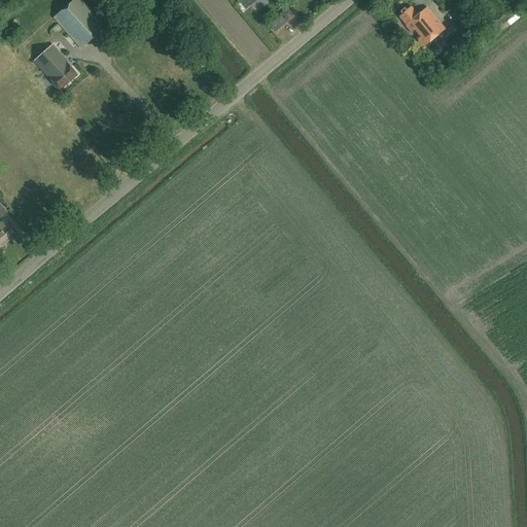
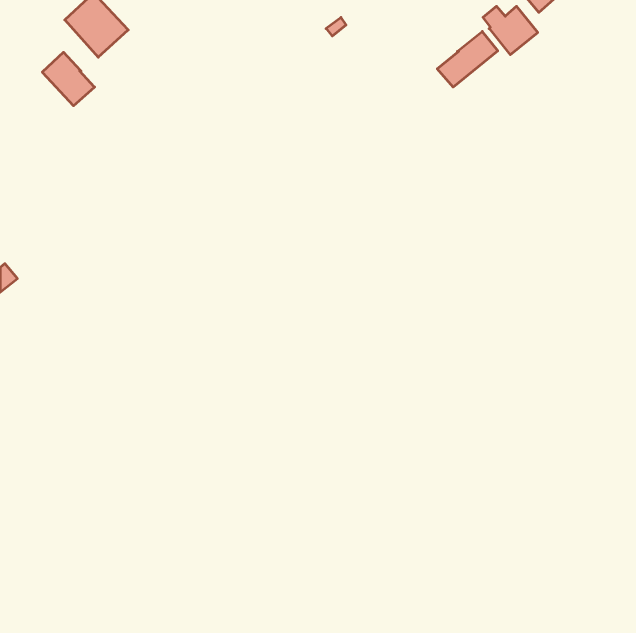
building: none -> [437,31,498,87]

